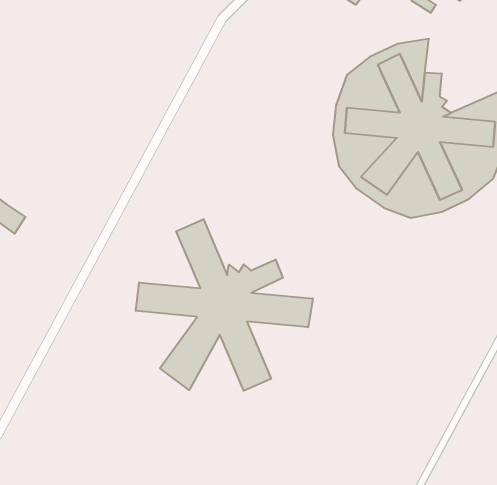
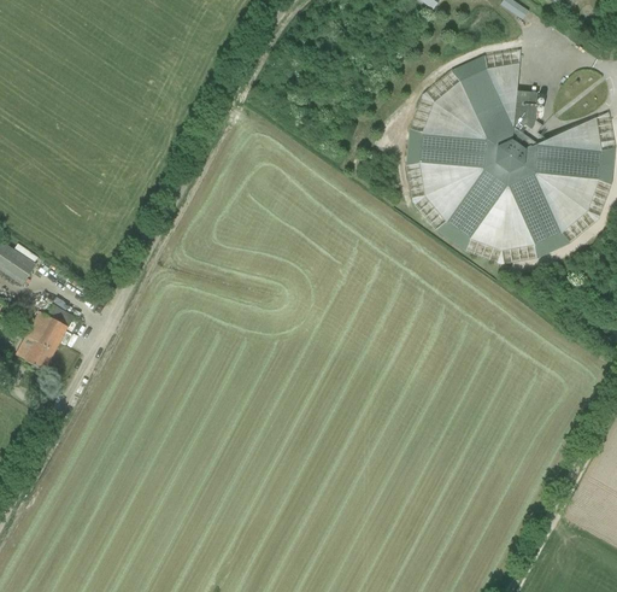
building: [136,219,313,391] -> none
building: none -> [24,304,74,370]

